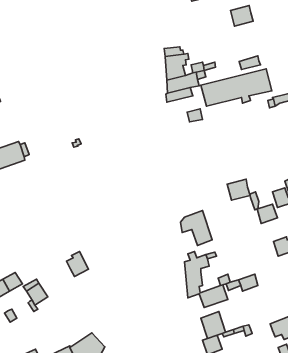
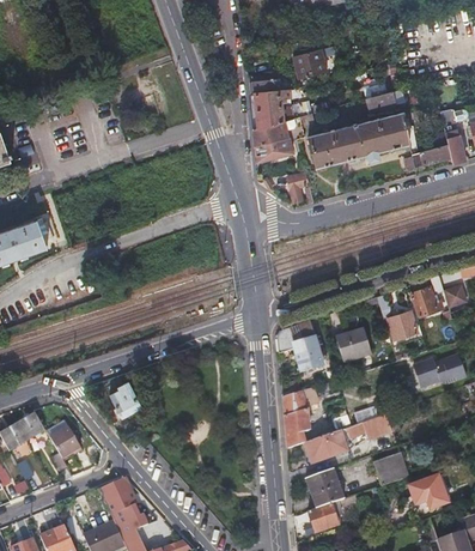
building: [230,6,253,26] -> [293,50,327,80]
building: [227,179,250,200] -> [337,328,371,359]
building: none -> [374,453,408,485]
building: none -> [99,476,146,521]

